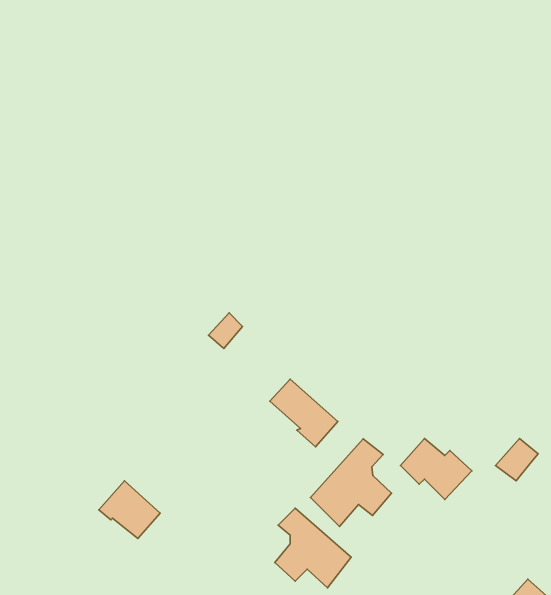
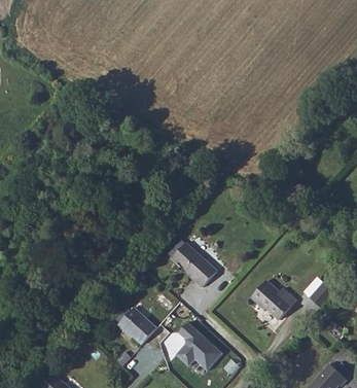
building: [311,439,391,527] -> none
building: [99,481,160,539] -> [118,309,155,344]

